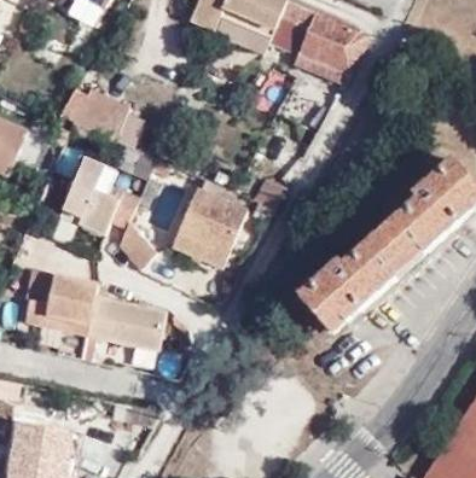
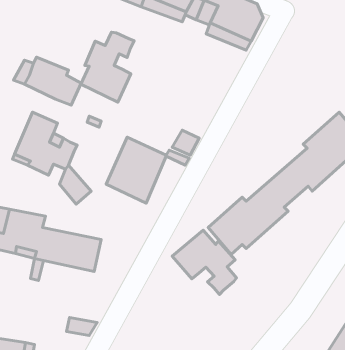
building: none -> [81,32,134,102]
building: none -> [172,230,236,294]

